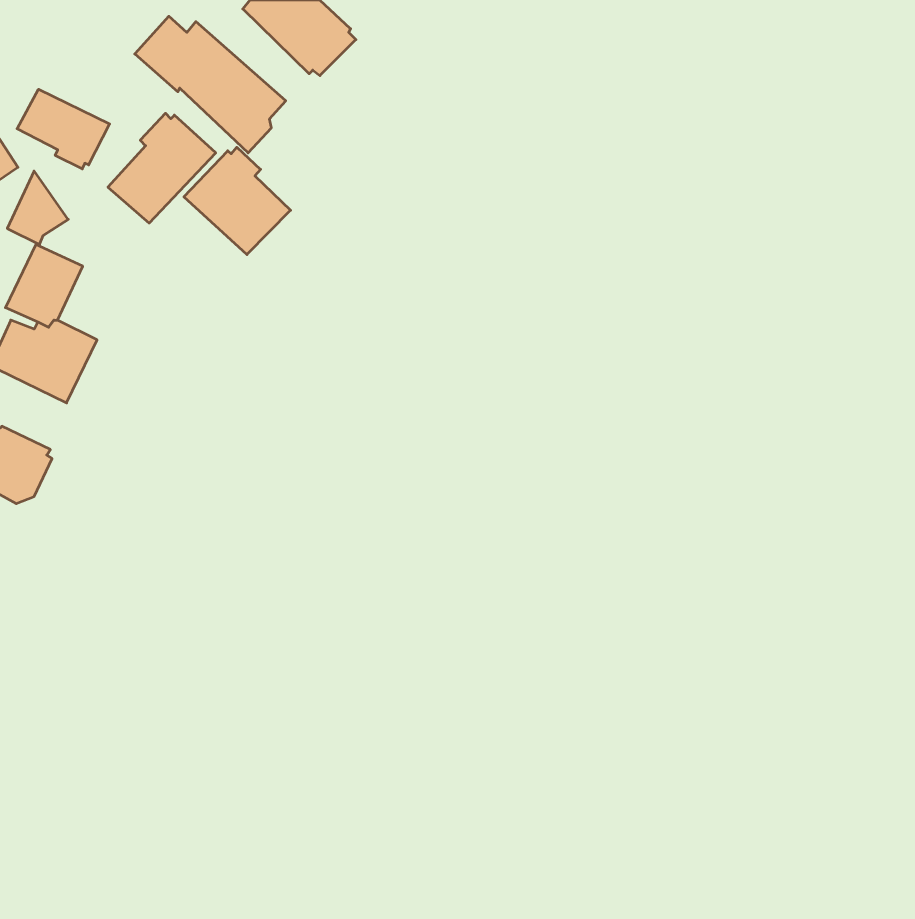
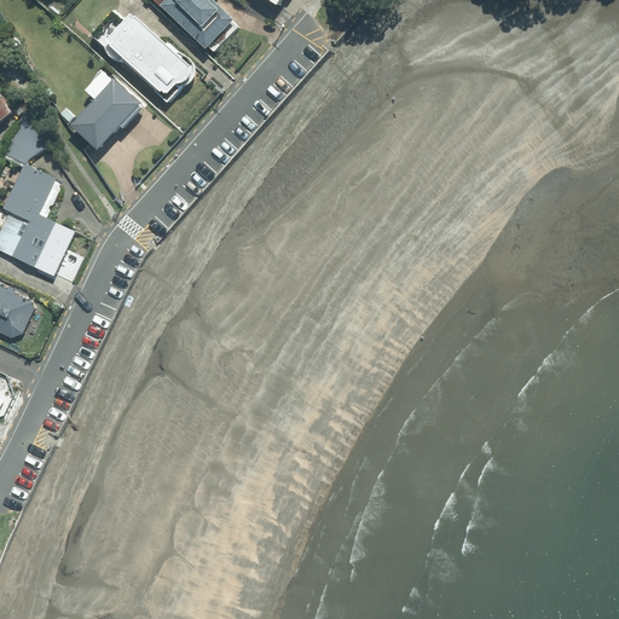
building: [17,89,110,169] -> none
building: [184,147,291,255] -> none

